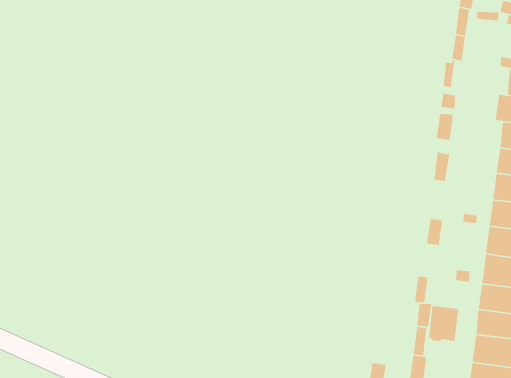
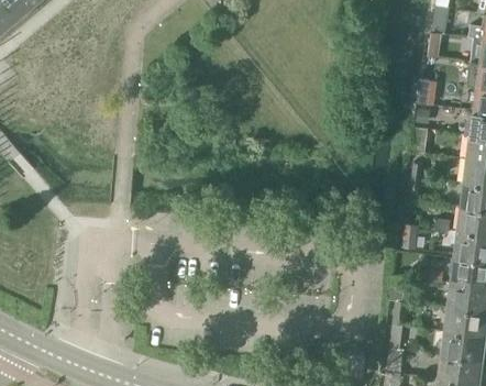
building: [428,305,459,342] -> none

